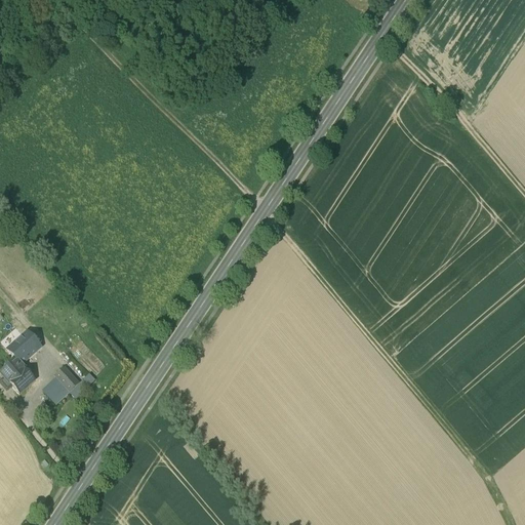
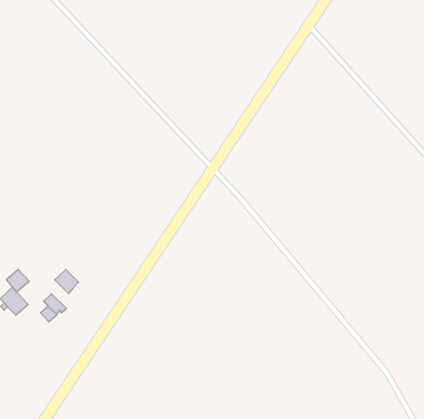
building: none -> [55,270,79,293]

